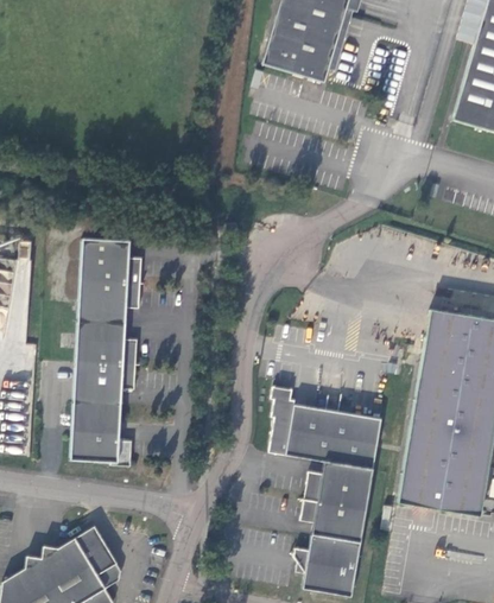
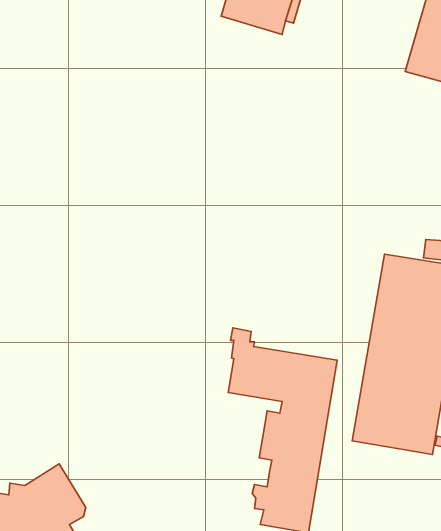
building: [70,237,141,465] -> none

